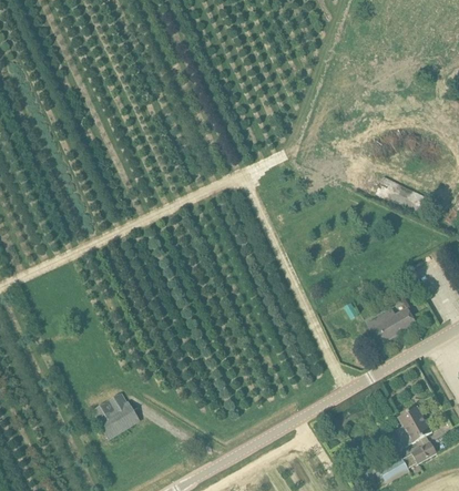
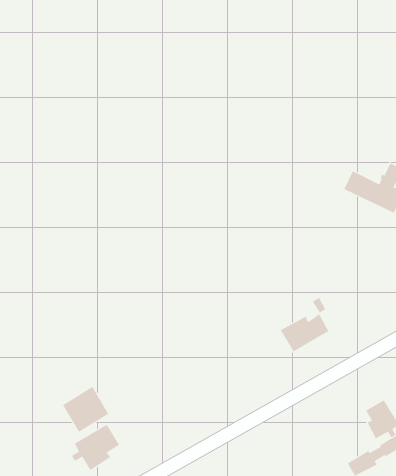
building: [366,305,416,344] -> [280,314,329,352]
building: none -> [71,424,120,471]

